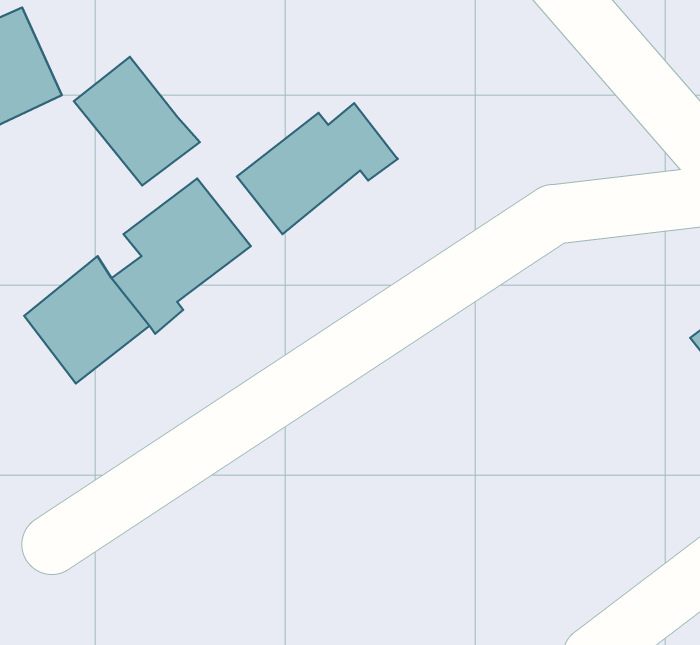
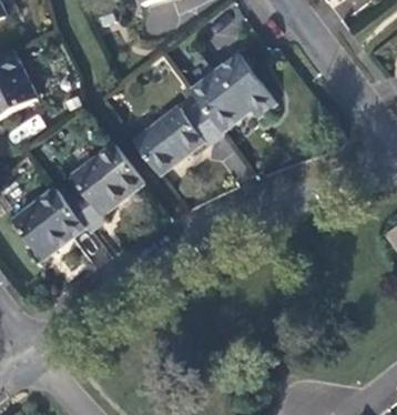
building: none -> [191,53,275,131]
building: [74,57,200,186] -> none

